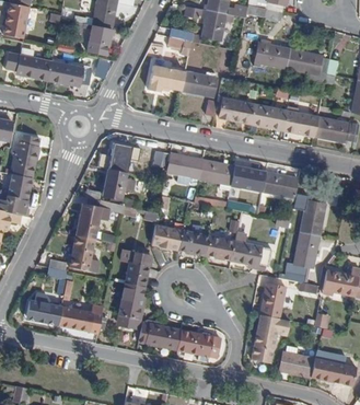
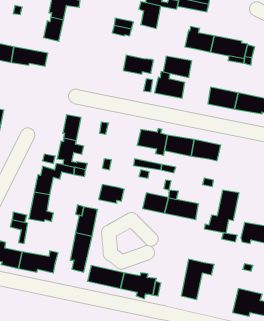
building: [151,65,185,90] -> none
building: [252,104,286,129] -> [163,56,192,77]
building: [166,153,202,178] -> none
building: [300,193,327,235] -> none
building: [178,231,209,254] -> none
building: [259,284,284,319] -> none
building: [279,351,316,378] -> none

